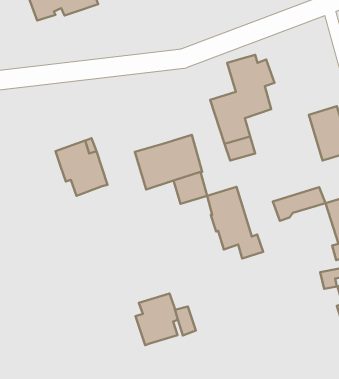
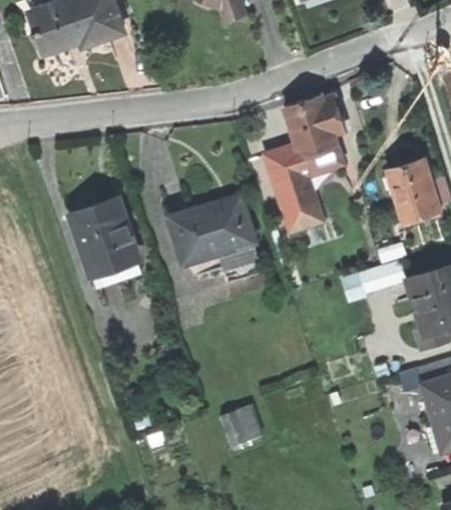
building: none -> [75,234,133,287]
building: [207,187,263,259] -> none
building: [136,293,178,345] -> none

